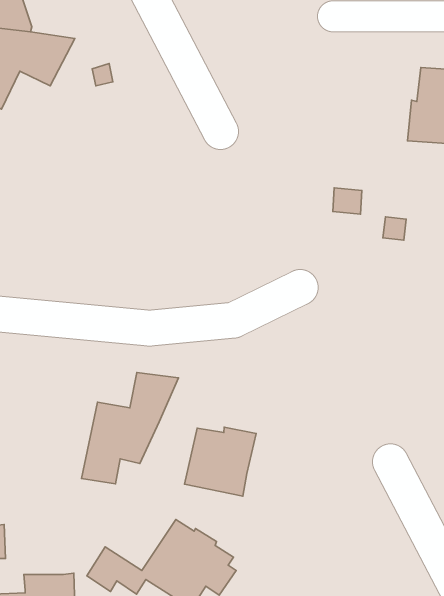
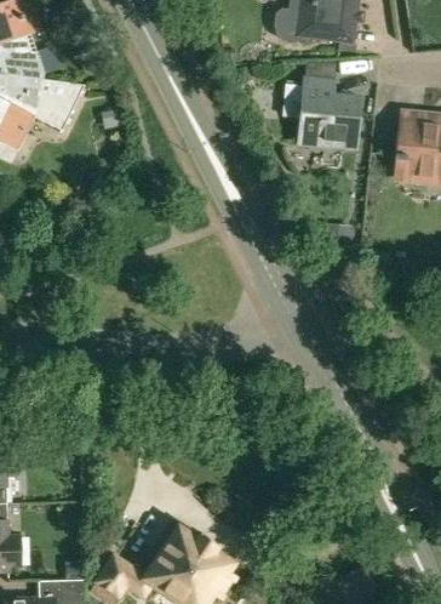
building: none -> [299,79,361,148]
building: [81,372,178,484] -> none
building: [185,427,256,496] -> none

